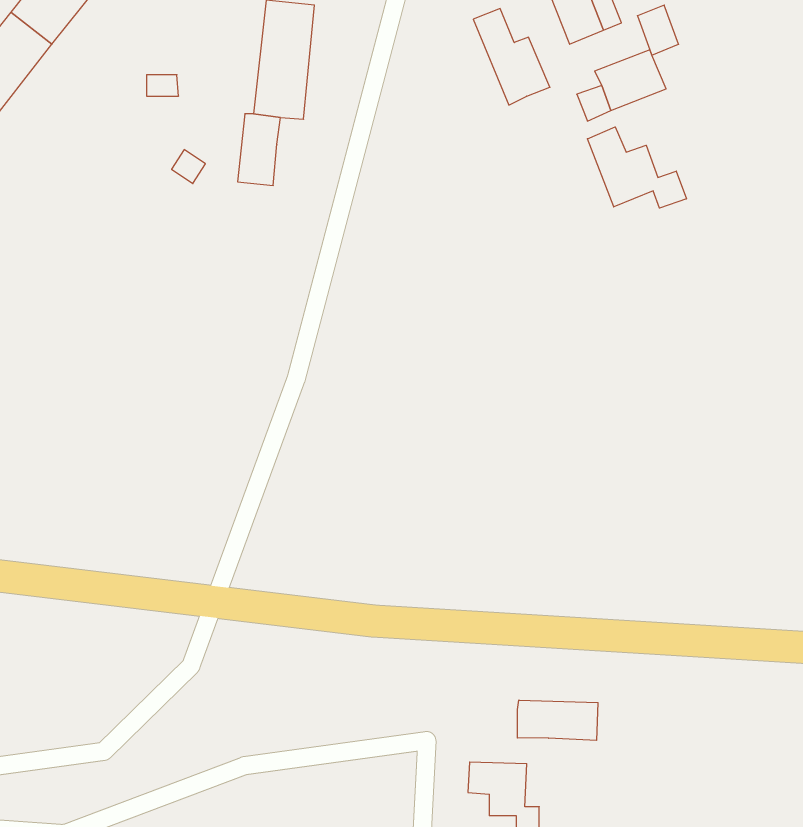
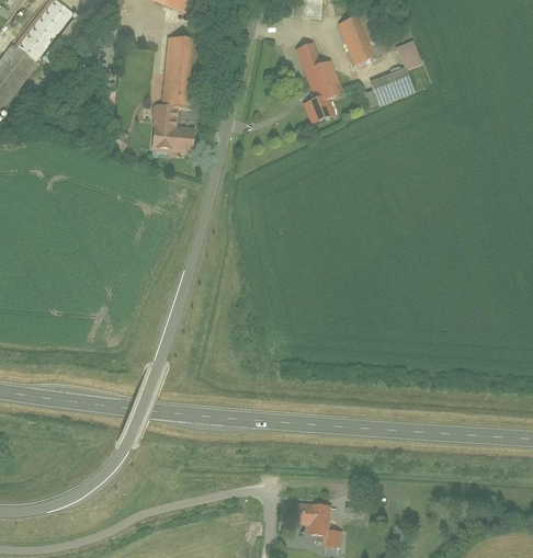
building: none -> [304,95,336,123]
building: [587,127,686,208] -> none
building: none -> [172,125,193,151]
building: [517,700,598,740] -> none

